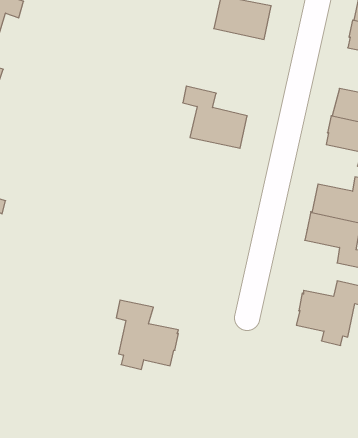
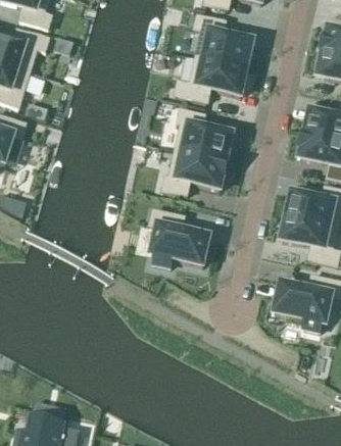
building: none -> [184,57,248,100]
building: none -> [163,150,228,194]
building: [116,300,178,369] -> [157,208,210,267]

